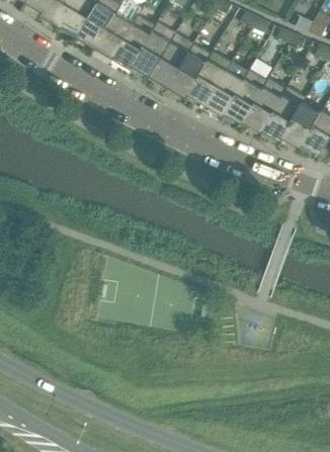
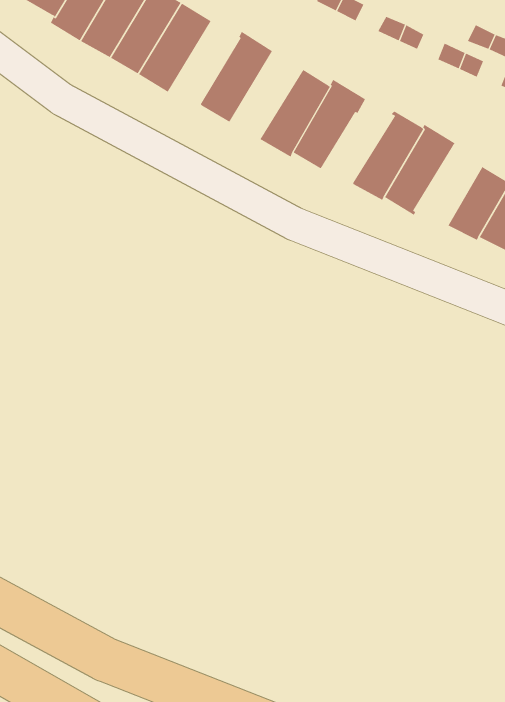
building: [112,14,156,69] -> none
building: [150,32,194,86] -> none
building: [205,62,250,115] -> none
building: [262,86,308,141] -> none

